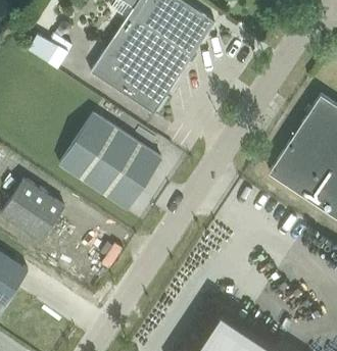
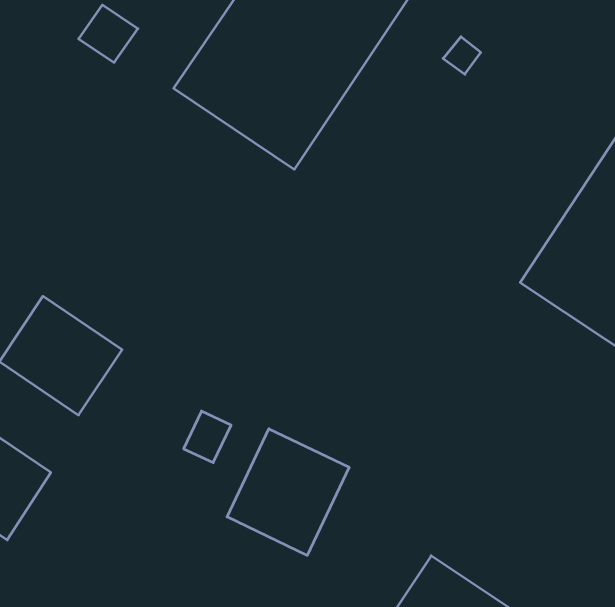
building: [59,114,161,210] -> none
building: none -> [227,429,349,555]

